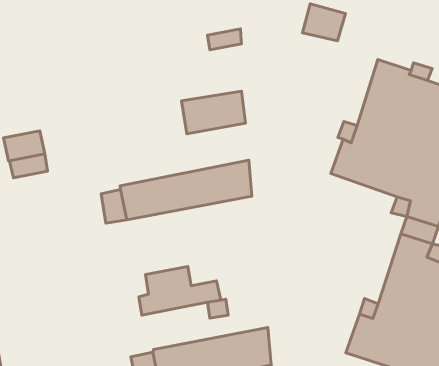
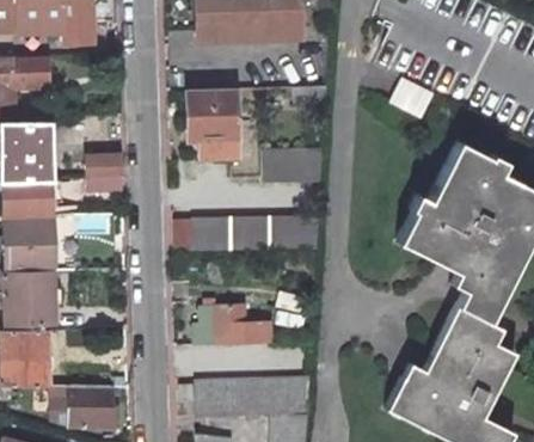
building: none -> [188,91,239,155]

